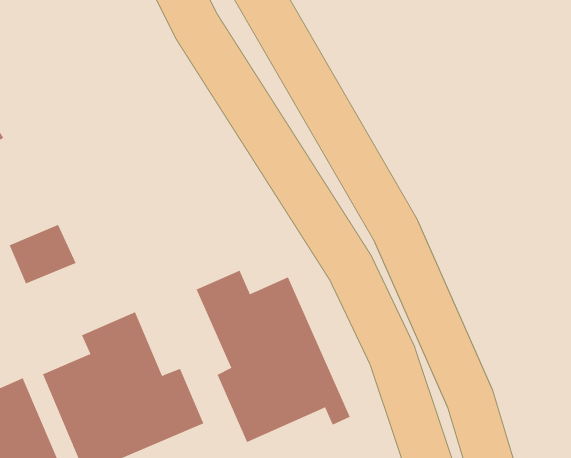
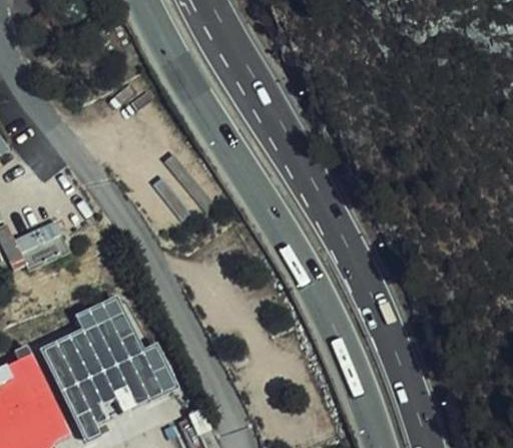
building: [196,270,350,443] -> none

